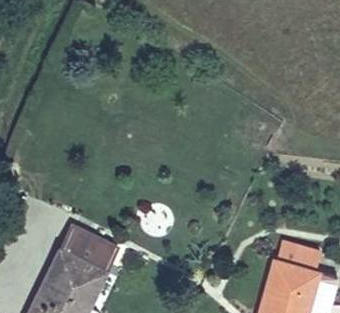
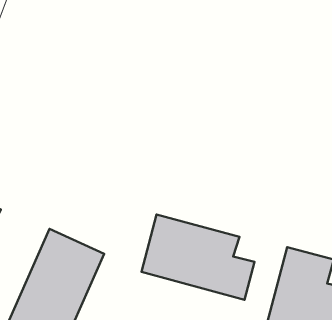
building: none -> [141,214,255,300]

